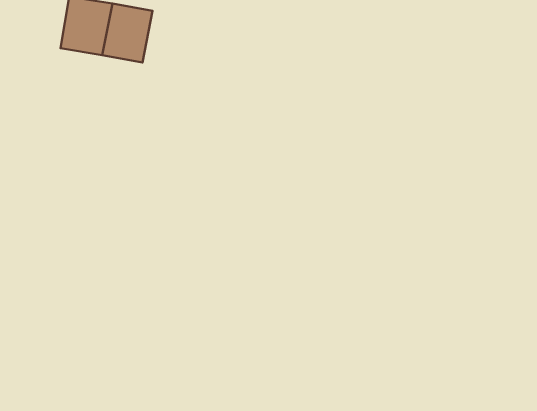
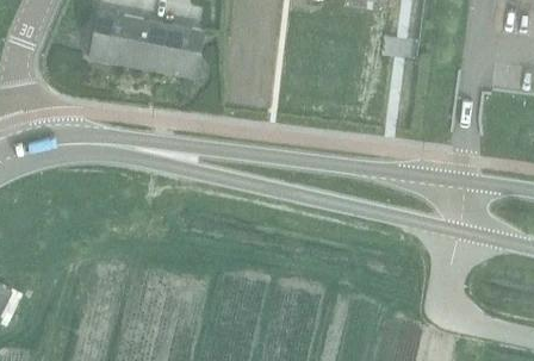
building: none -> [159,26,201,76]

